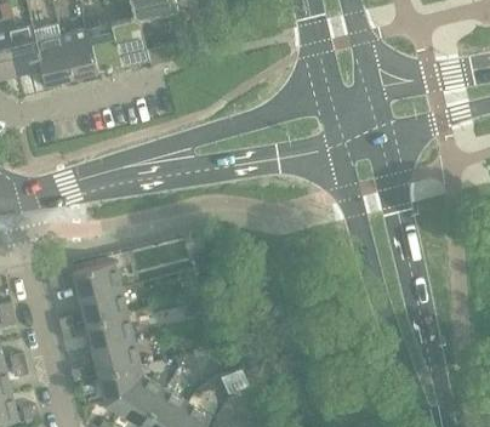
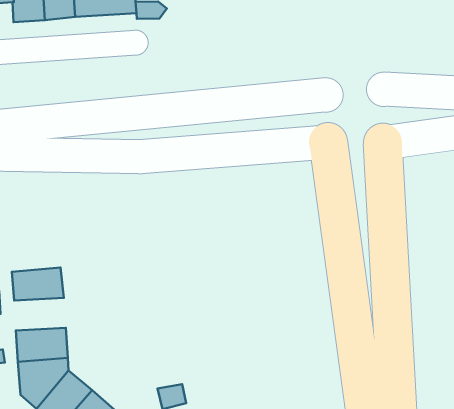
building: [69,261,118,298] -> none
building: [82,313,131,348] -> none

